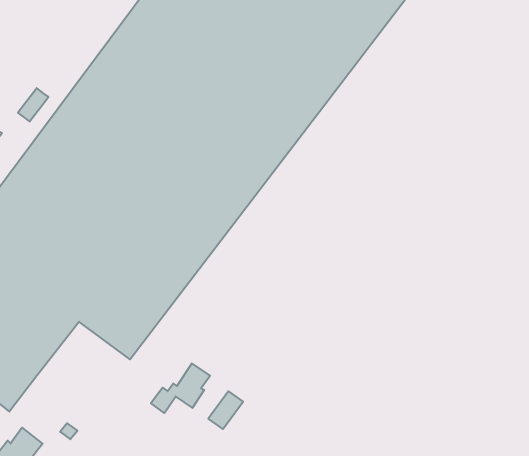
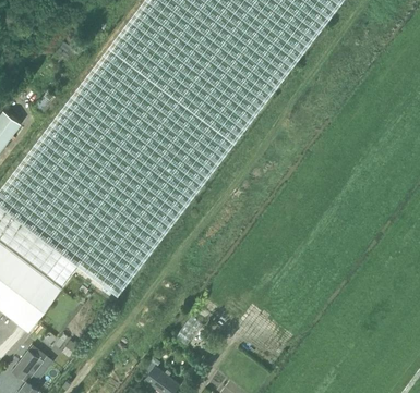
building: [151,363,210,413] -> none

